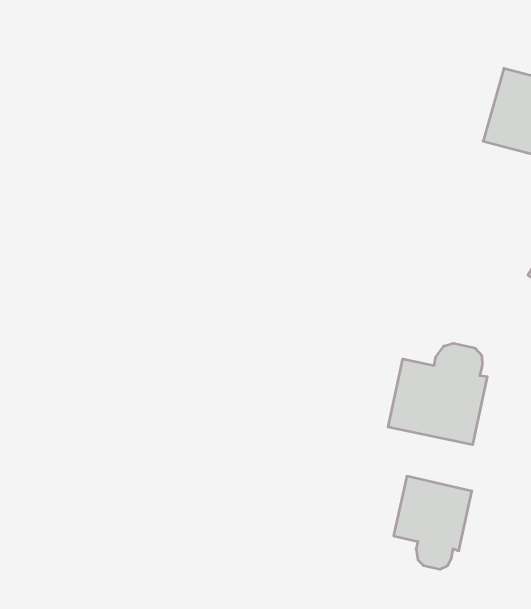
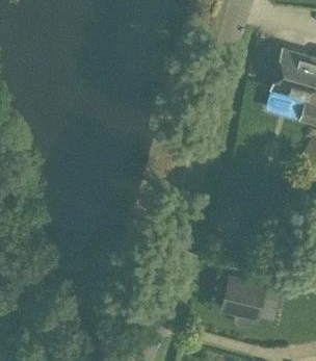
building: [388,343,487,445] -> none

